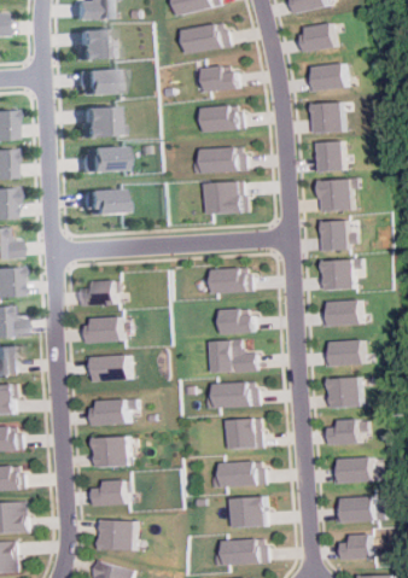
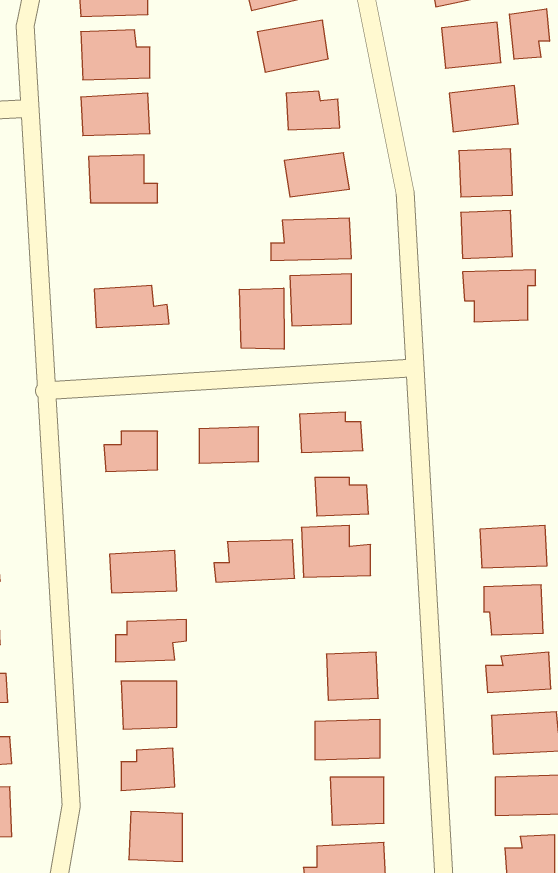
building: none -> [509,9,549,59]
building: [78,146,121,173] -> none
building: none -> [239,288,284,349]
building: [316,220,357,249] -> none
building: [317,258,363,290] -> none
building: [321,299,363,326] -> none
building: [88,319,126,341] -> [199,427,259,463]
building: [205,381,256,408] -> [214,540,295,582]

